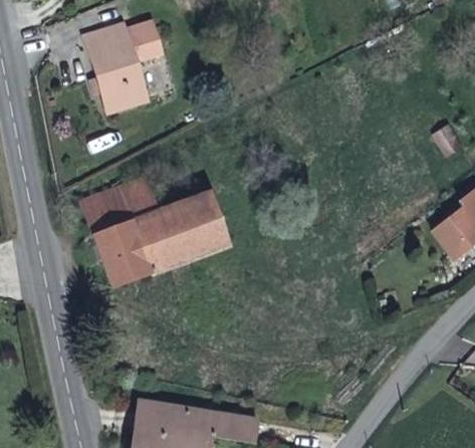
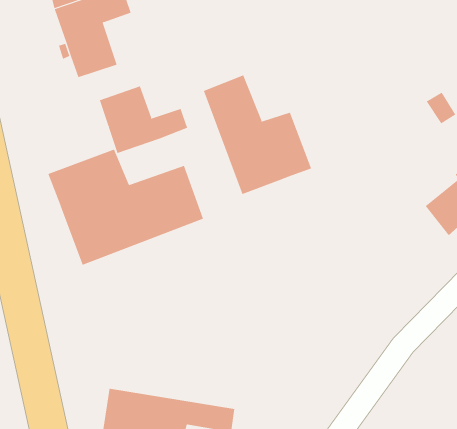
building: none -> [203,75,312,195]
building: none -> [99,85,188,154]

